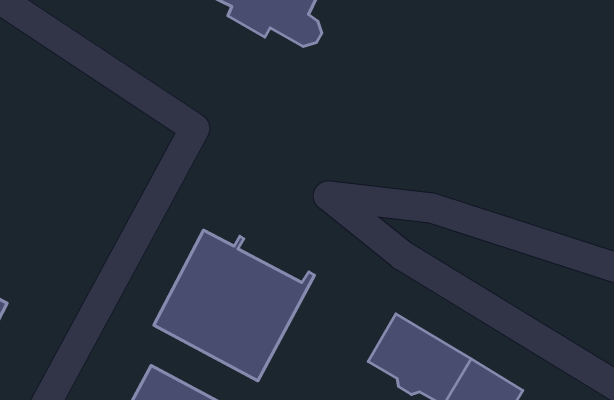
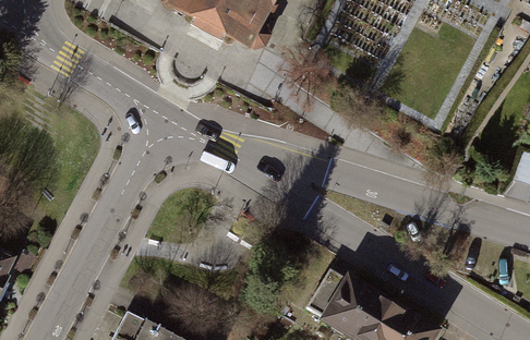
building: [154,230,315,381] -> none

